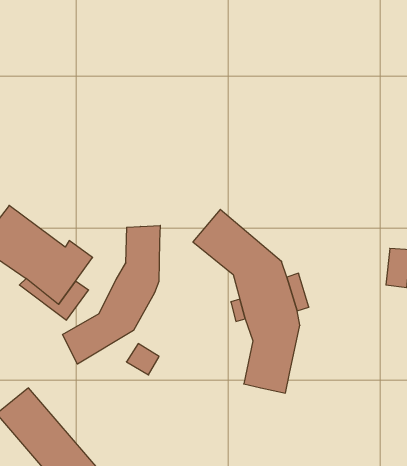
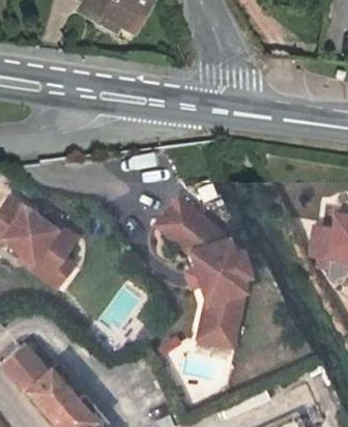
building: [63,225,160,364] -> none

